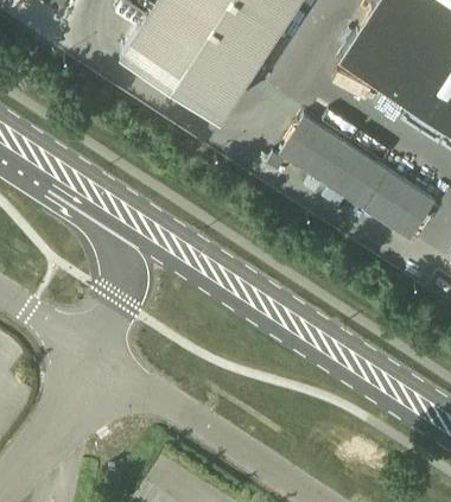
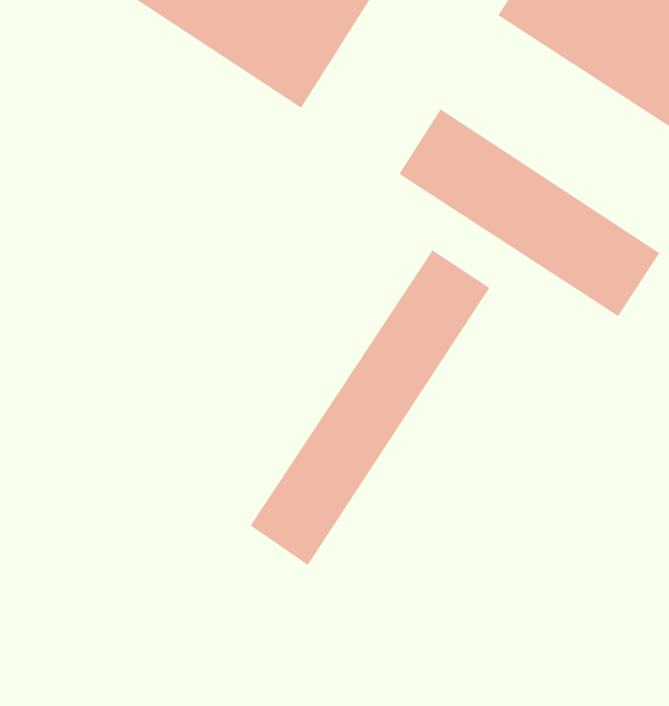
building: none -> [250,250,490,566]

